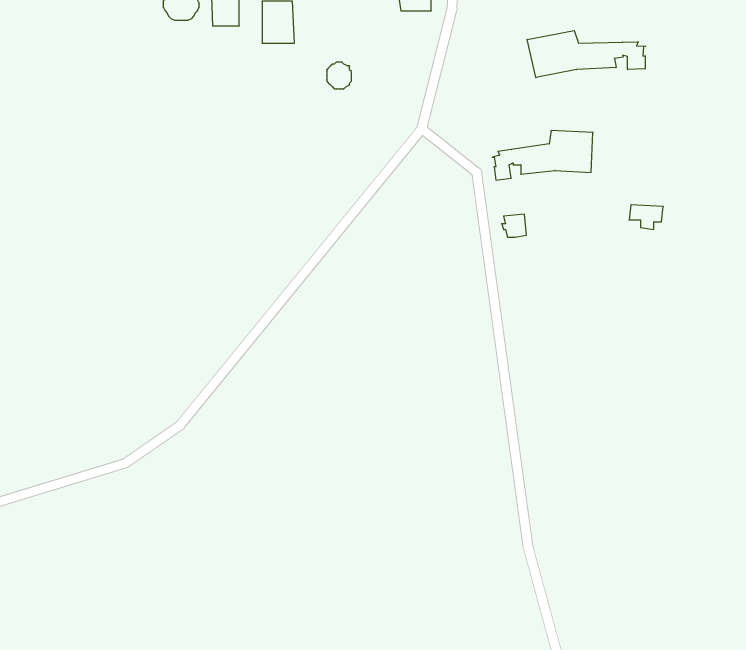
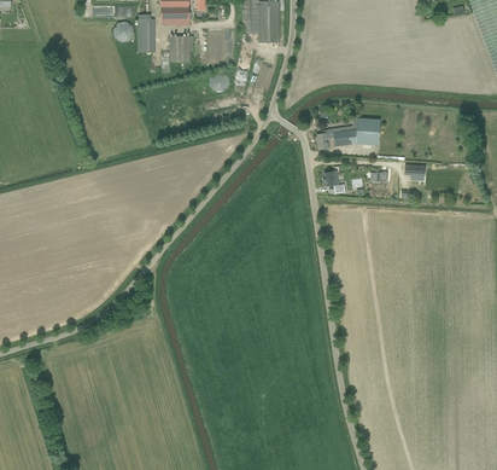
building: [527,31,646,78] -> none

